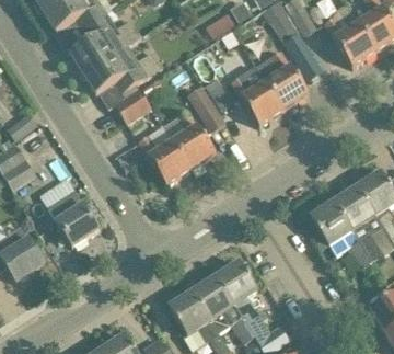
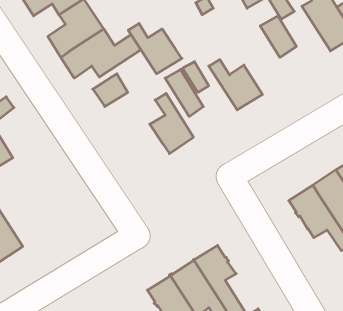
building: [256,50,309,111] -> none
building: [138,135,192,185] -> [128,23,182,74]
building: [47,190,100,247] -> none

